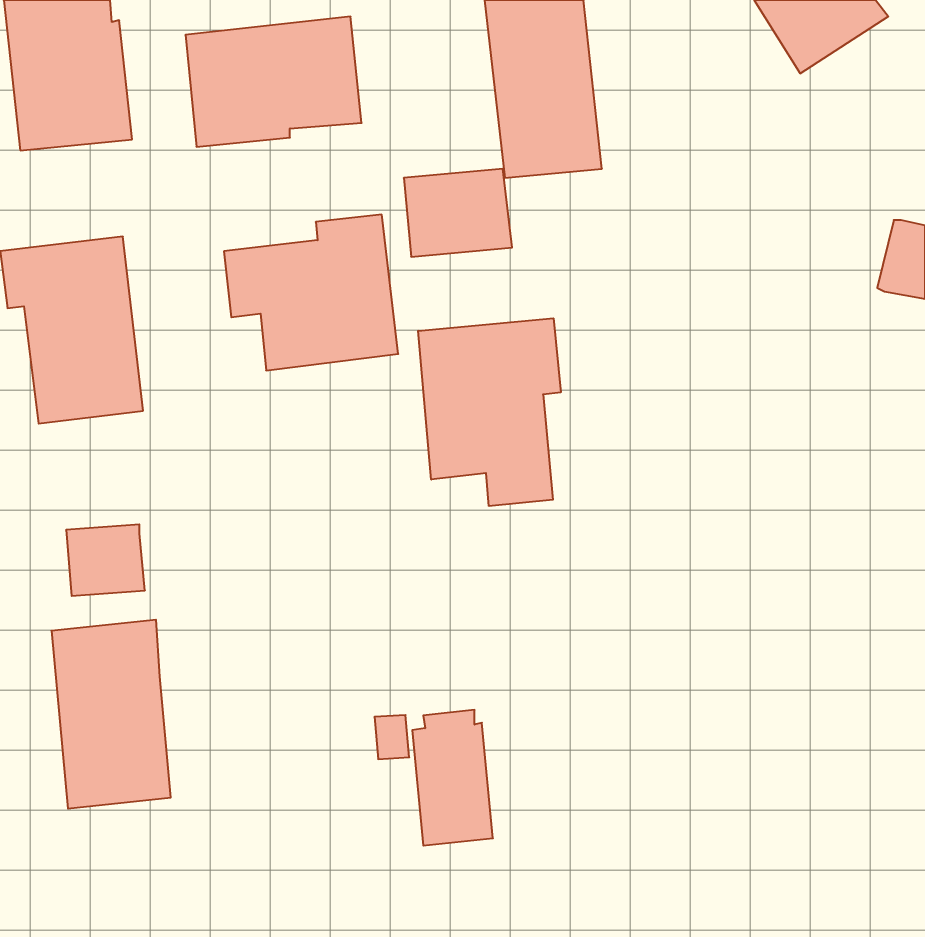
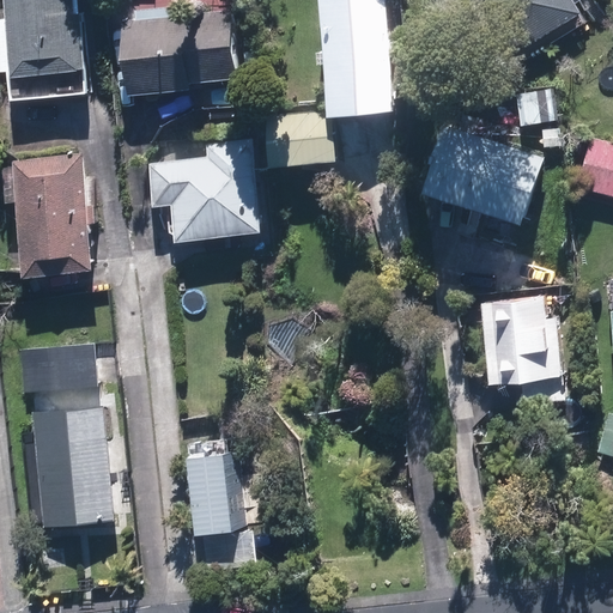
building: none -> [424,126,542,224]
building: [418,318,561,506] -> none
building: none -> [479,298,562,406]
building: [412,710,493,846] -> [182,444,235,533]

